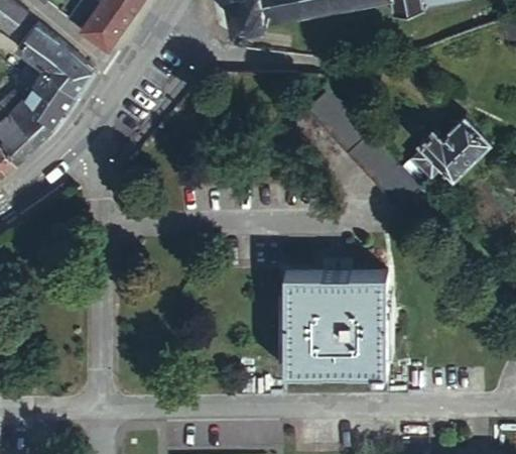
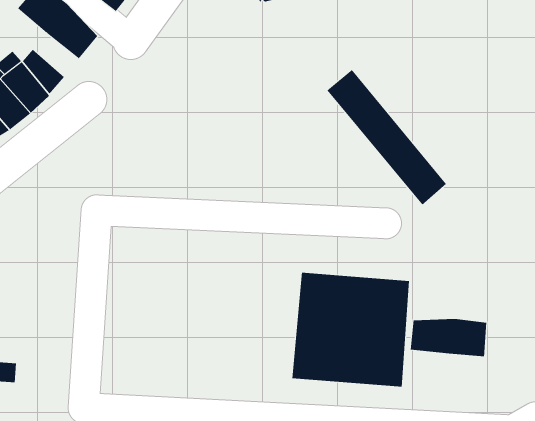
building: [32,70,76,109] -> none
building: [413,115,492,179] -> none
building: none -> [410,318,487,357]

